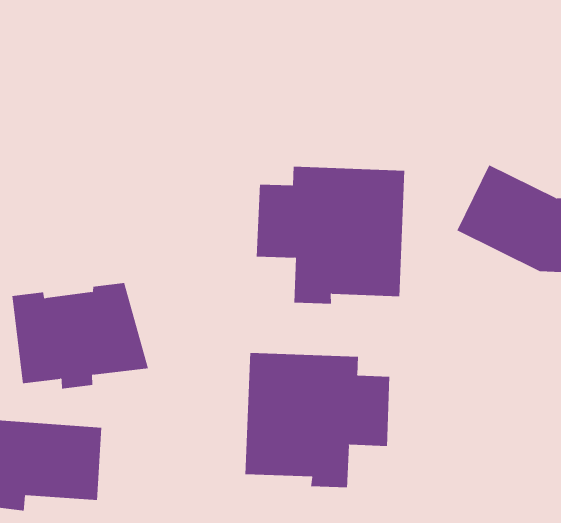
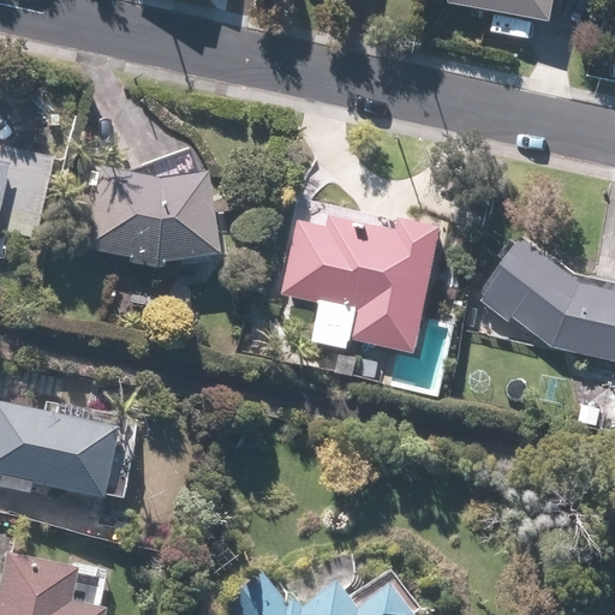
building: [12,282,149,389] -> [90,168,213,265]
building: [245,352,390,488] -> none

